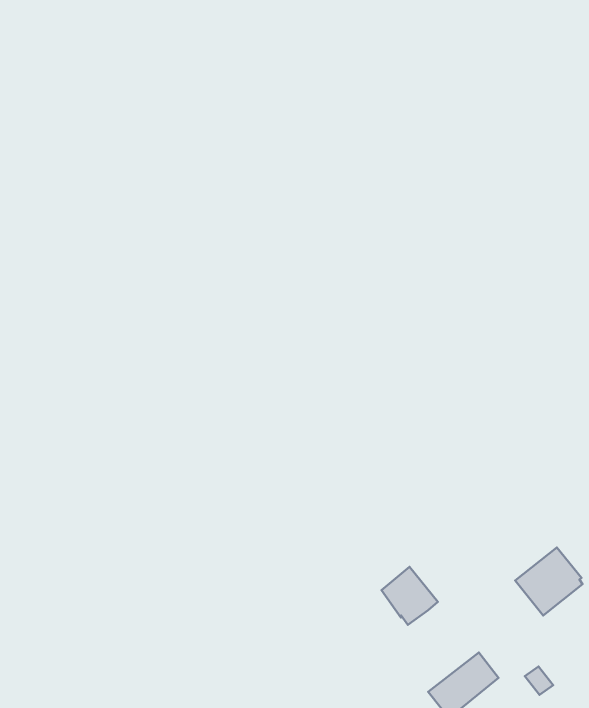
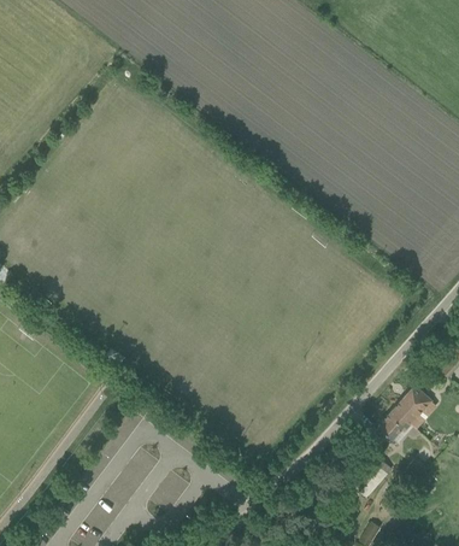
building: [382,567,438,625] -> [382,404,417,439]

